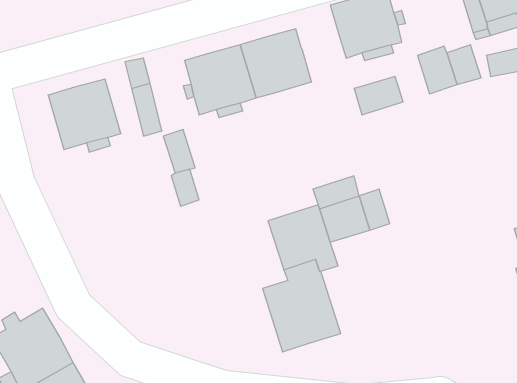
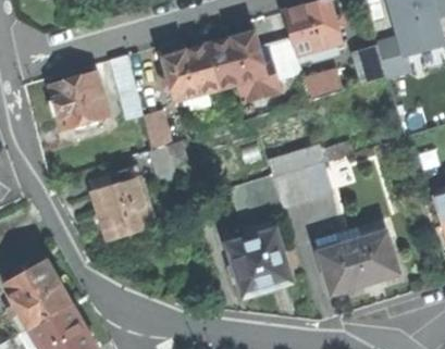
building: none -> [237,37,300,100]
building: none -> [92,167,153,240]
building: none -> [314,232,397,297]

